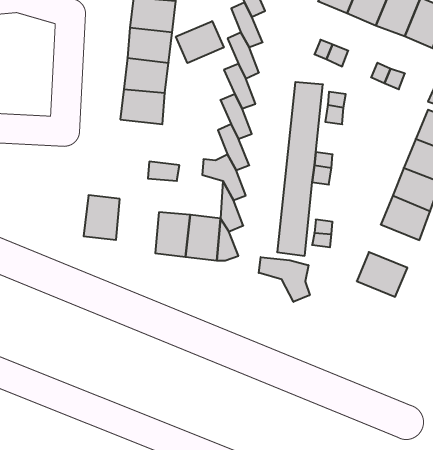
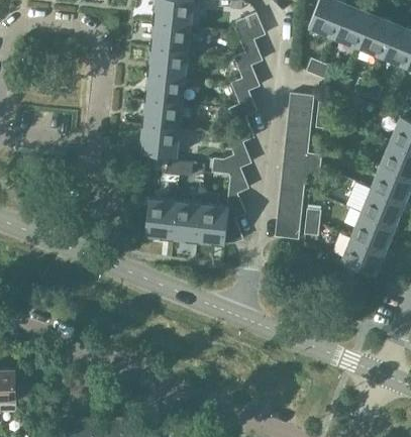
building: [176,21,224,63] -> none
building: none -> [140,125,179,155]
building: [84,195,120,240] -> [145,200,176,237]
building: none -> [351,213,394,249]
building: [259,257,310,302] -> none

